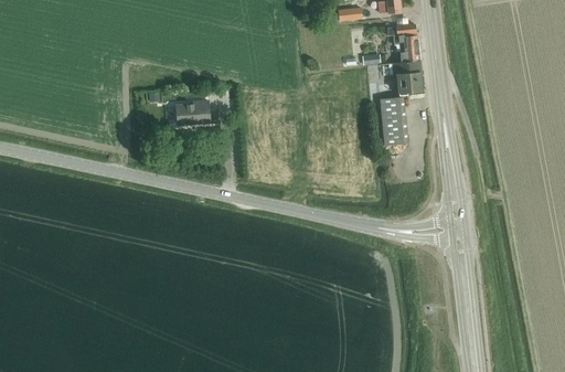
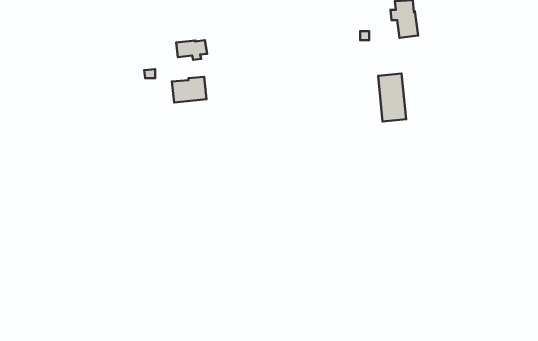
building: [391,60,422,95] -> none
building: none -> [176,40,207,60]

